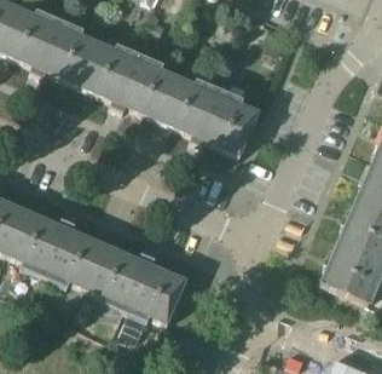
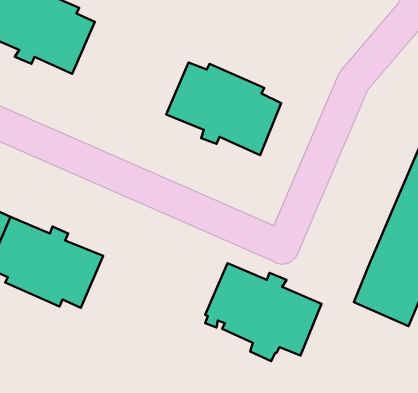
building: [80,41,180,121] -> none
building: [87,243,187,328] -> [205,263,321,361]

